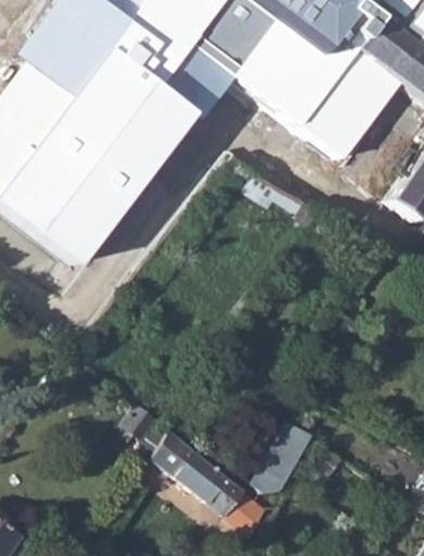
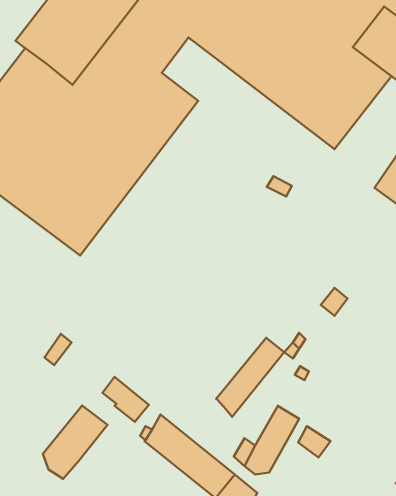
building: [168,50,232,114] -> none
building: none -> [216,338,284,417]
building: none -> [43,405,108,479]

